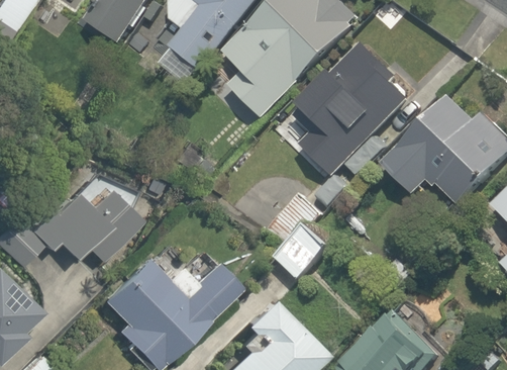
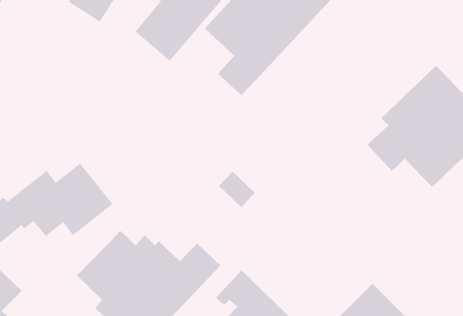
building: [296,35,417,180] -> none
building: [272,216,331,278] -> none

